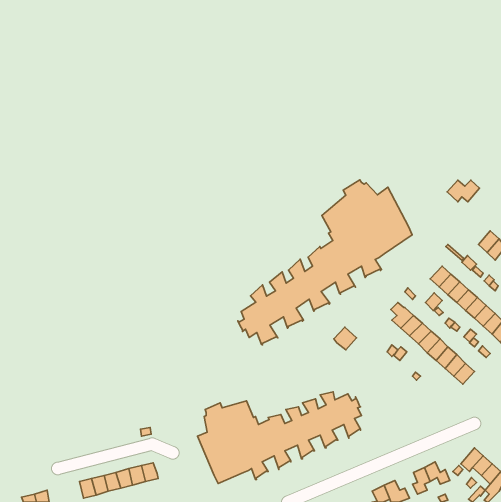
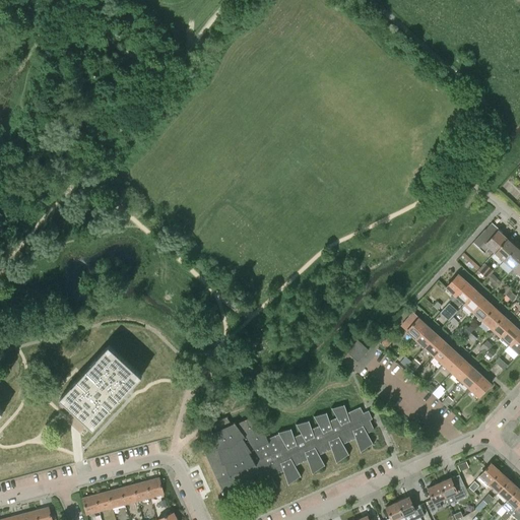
building: [238,180,412,345] -> none
building: [447,180,480,202] -> [474,231,508,253]
building: none -> [60,344,142,429]

